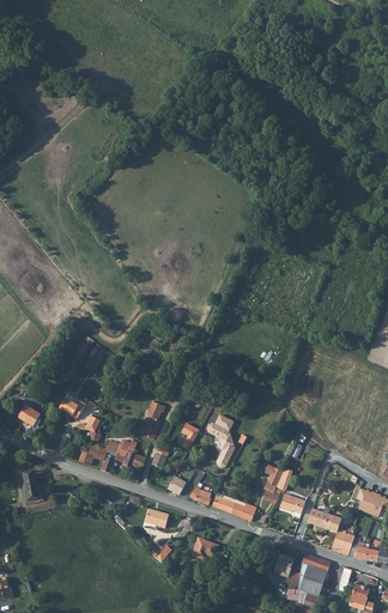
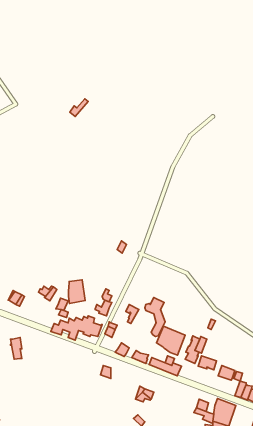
building: none -> [68,280,85,304]
building: none -> [157,326,185,355]

